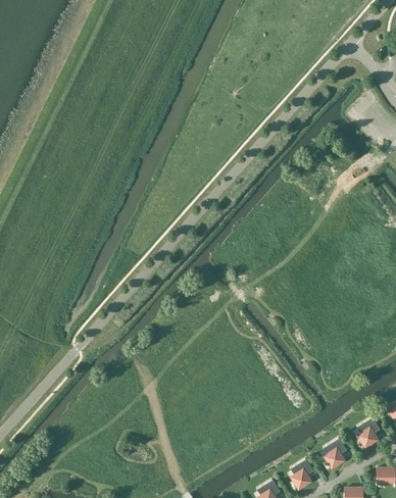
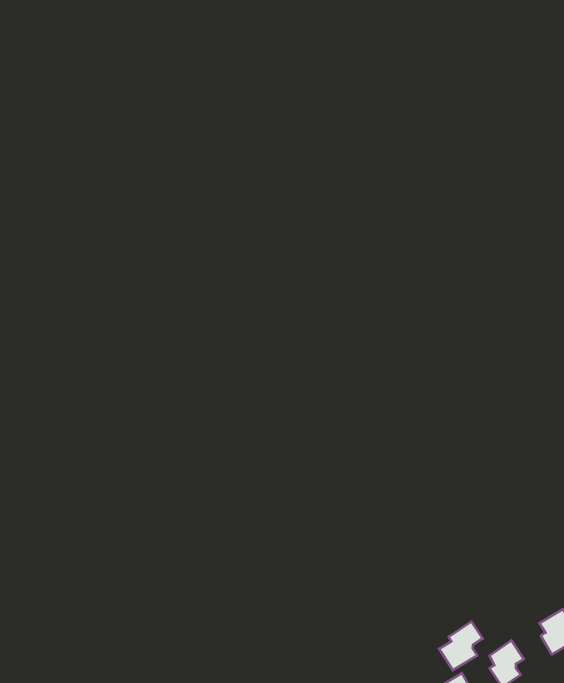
building: none -> [439,622,483,670]

